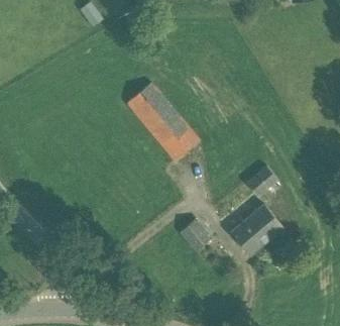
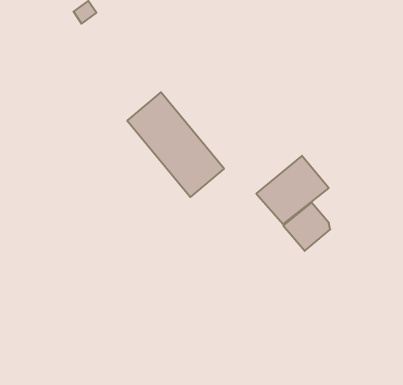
building: [231,203,286,254] -> [256,156,329,224]
building: [181,220,212,251] -> none

